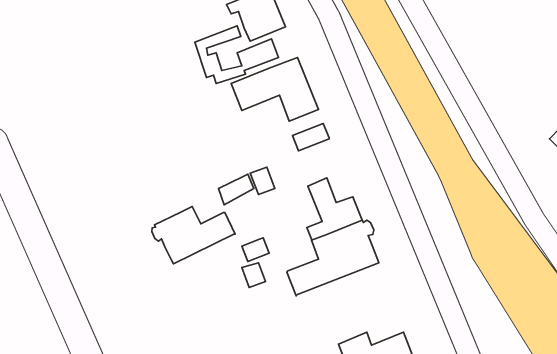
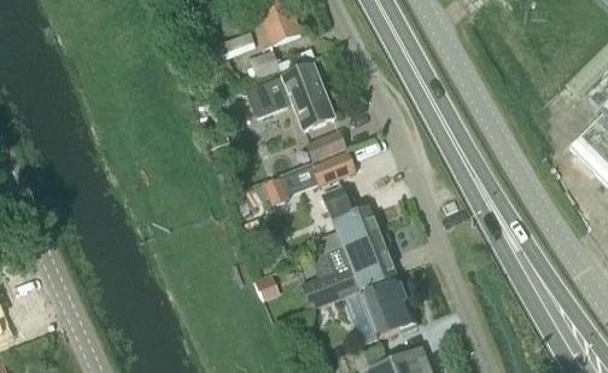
building: none -> [312,151,356,186]
building: [152,207,235,264] -> none
building: none -> [346,280,415,337]

